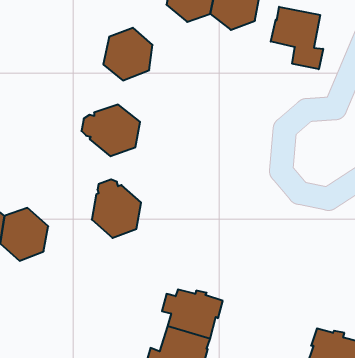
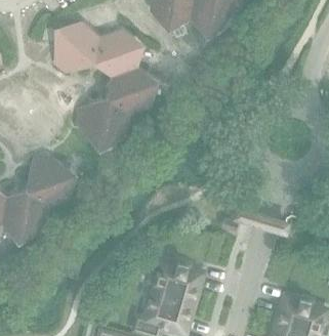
building: [271,7,323,69] -> none
building: none -> [54,24,99,73]
building: none -> [108,68,153,114]
building: [92,179,141,238] -> [27,155,71,207]

